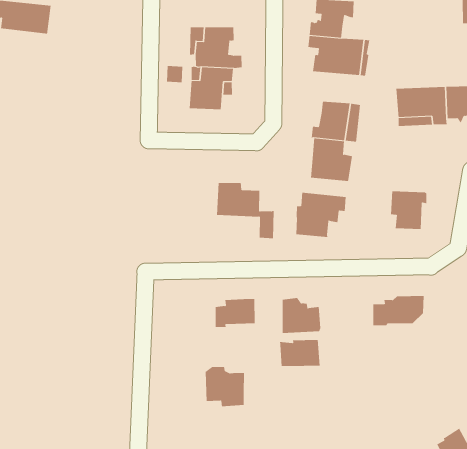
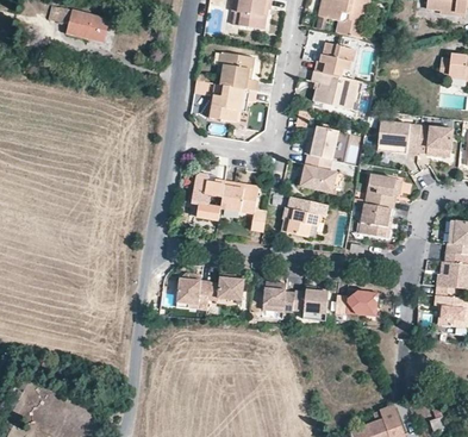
building: none -> [363,175,399,210]
building: none -> [192,173,225,219]
building: [279,339,321,366] -> [293,288,326,312]
building: [205,366,245,407] -> [175,271,210,306]

